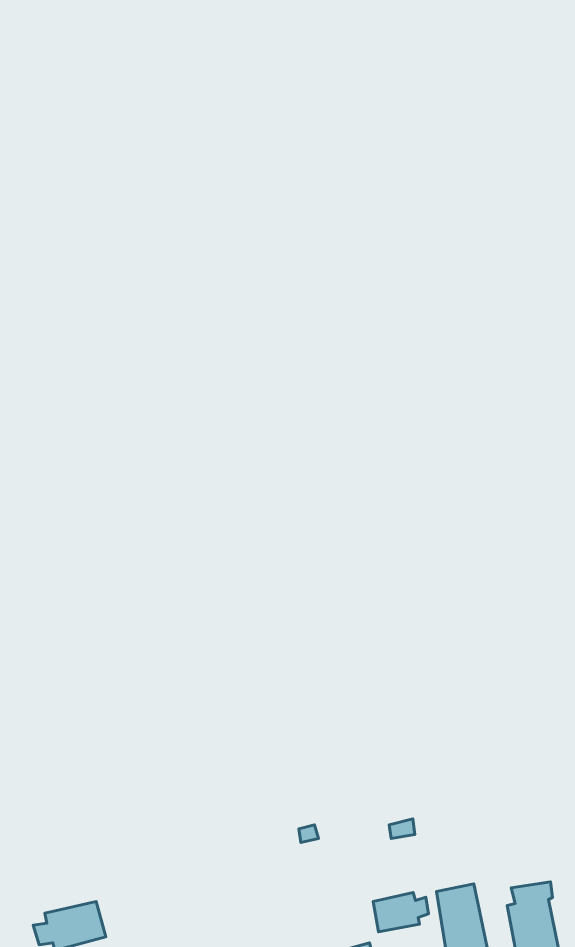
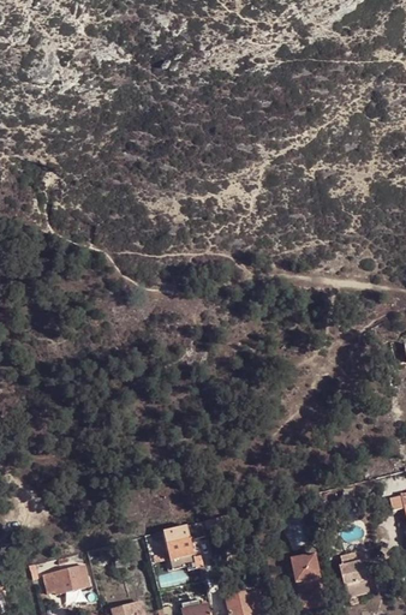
building: none -> [168,536,204,569]
building: [373,892,429,932] -> none

